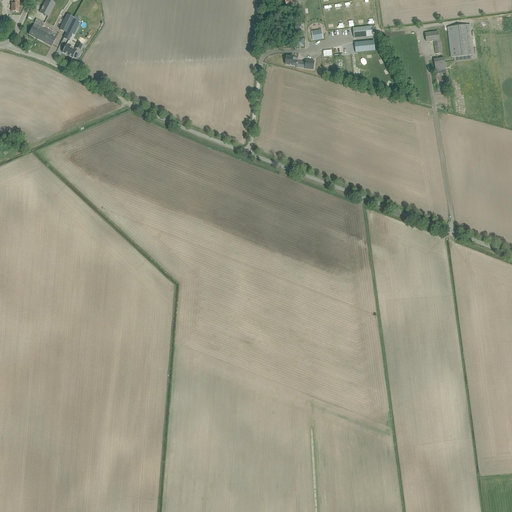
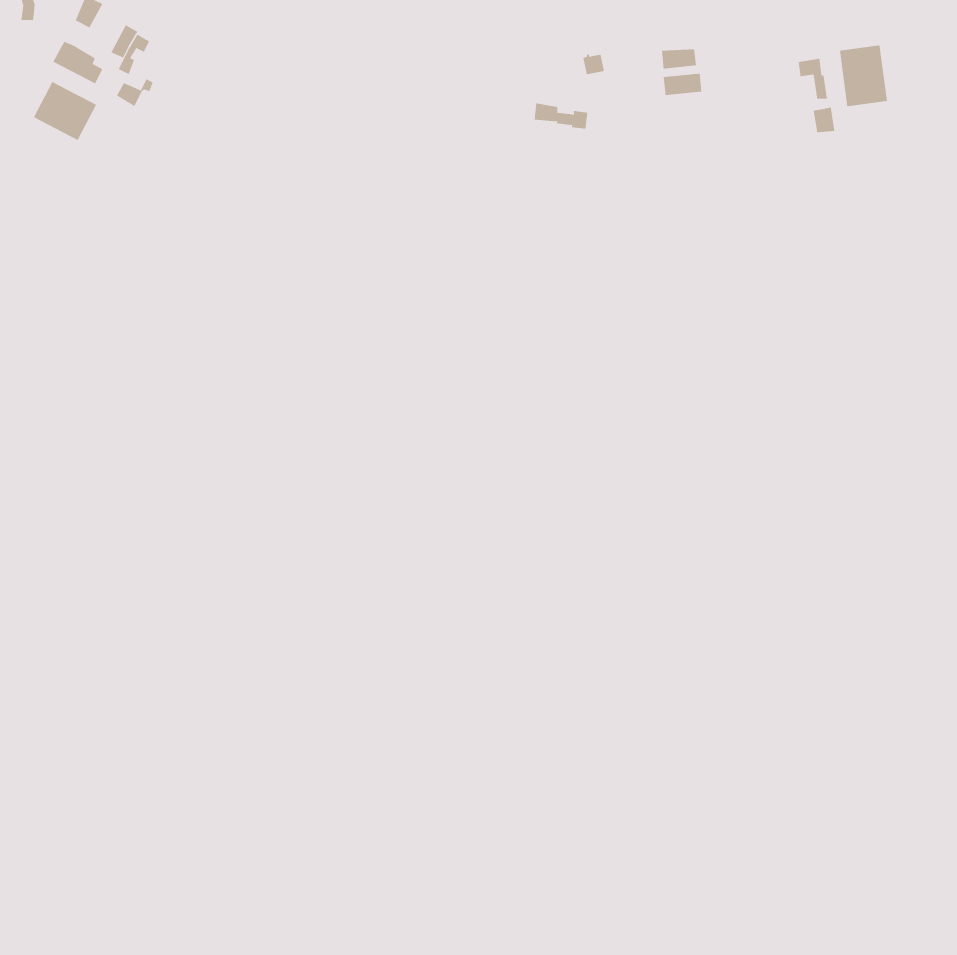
building: none -> [33,81,97,141]

